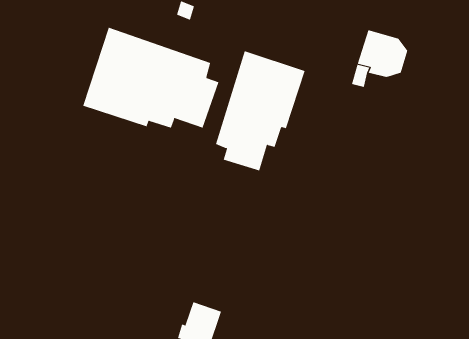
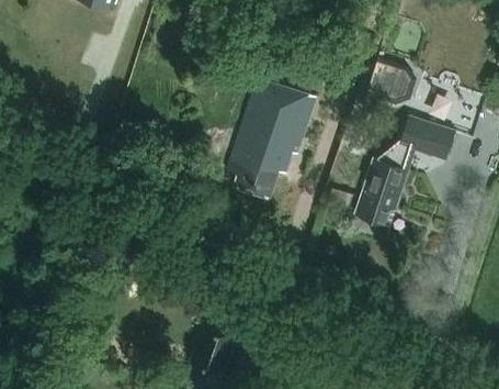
building: [82,27,219,129] -> none
building: none -> [355,116,456,224]

